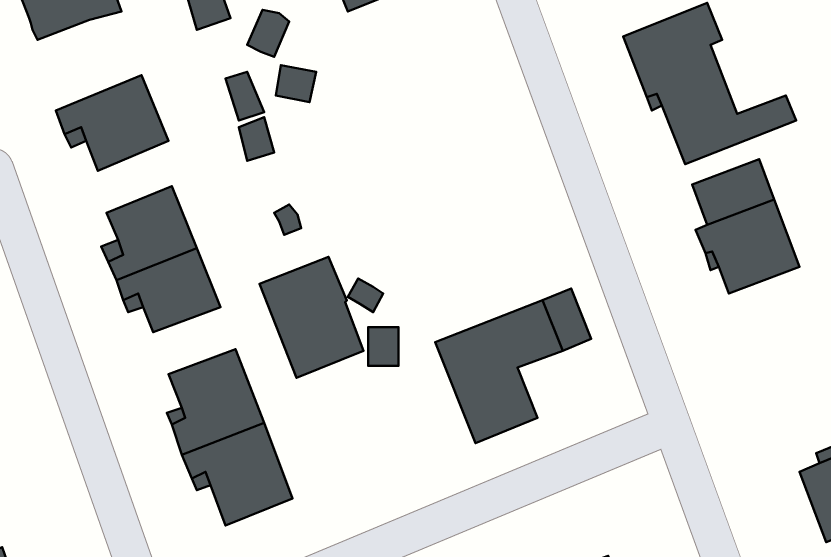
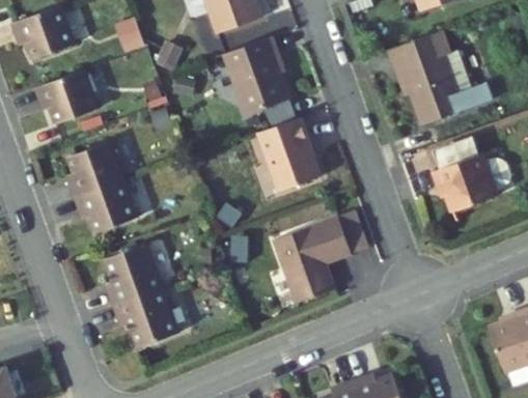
building: none -> [224,35,291,115]
building: [260,257,364,378] -> [253,119,317,194]

